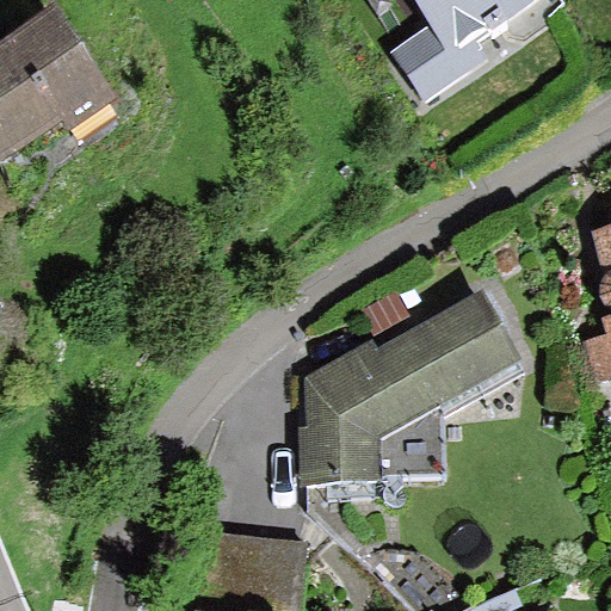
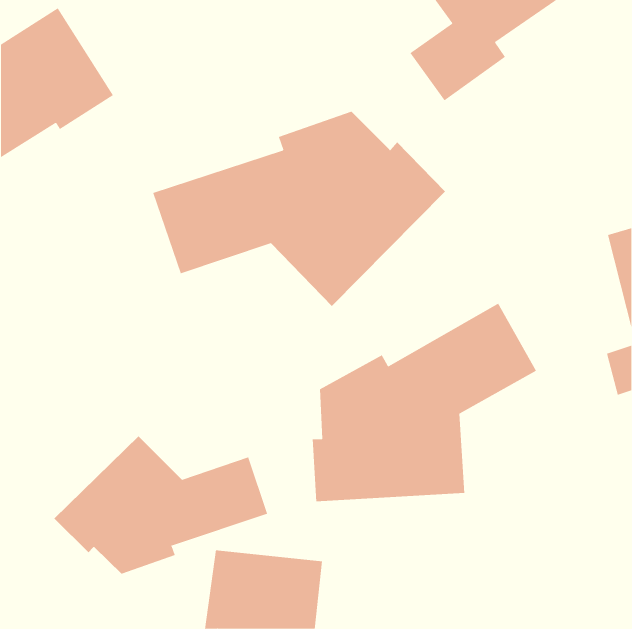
building: none -> [153,111,446,307]
building: none -> [53,435,268,575]

